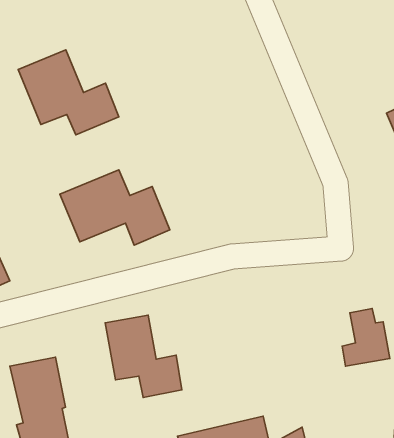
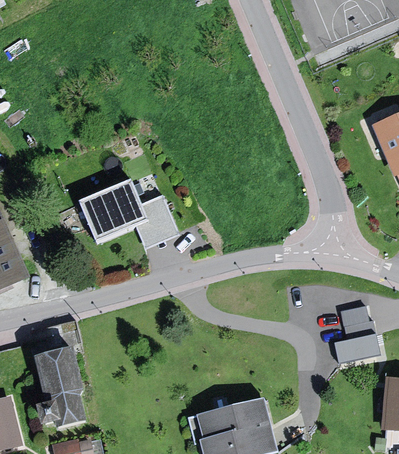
building: [18,50,119,135] -> none
building: [105,315,182,397] -> none

